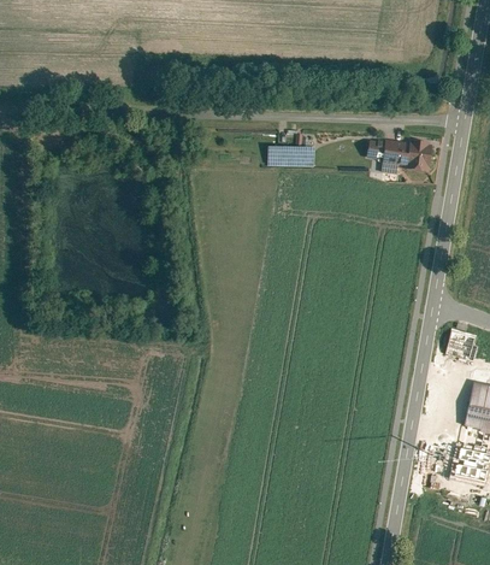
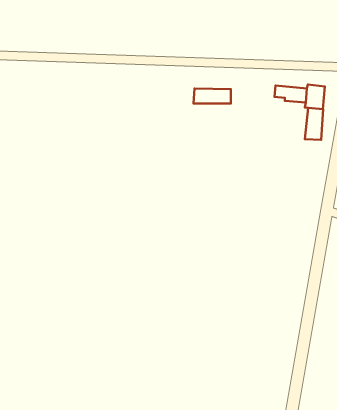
building: none -> [305,108,323,140]

